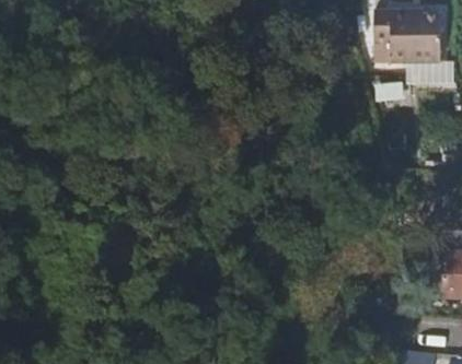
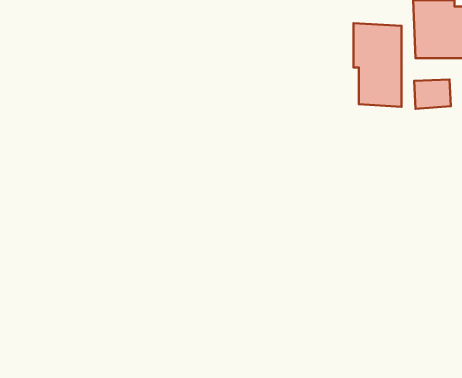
building: none -> [354,23,401,107]

